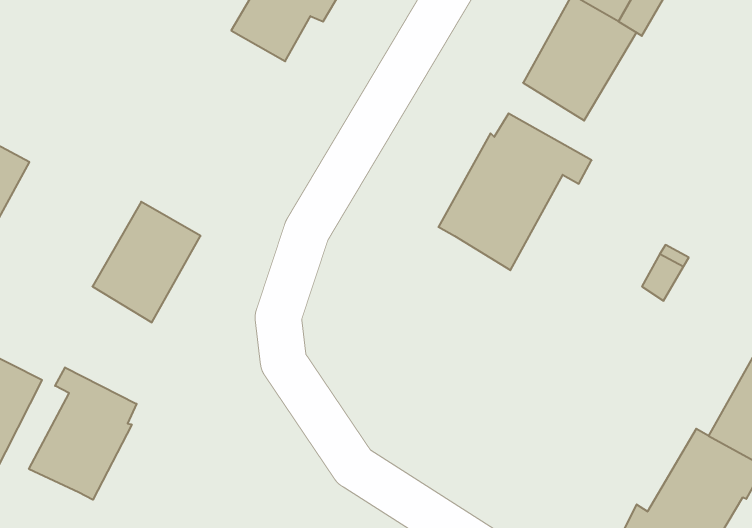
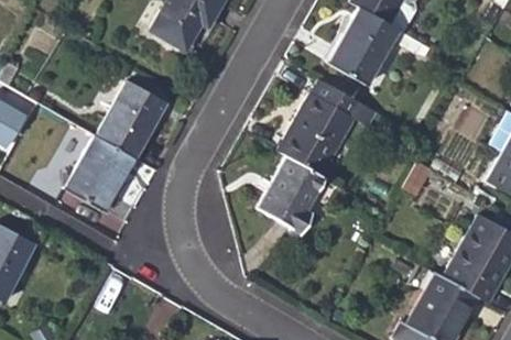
building: none -> [97,79,165,155]
building: none -> [258,155,326,233]
building: [29,367,137,500] -> none

